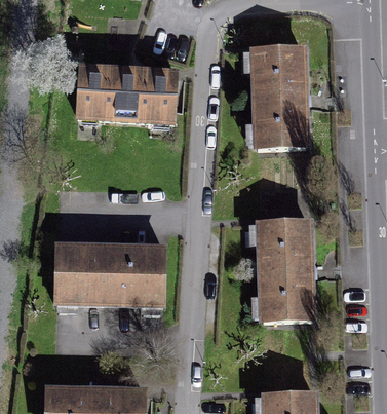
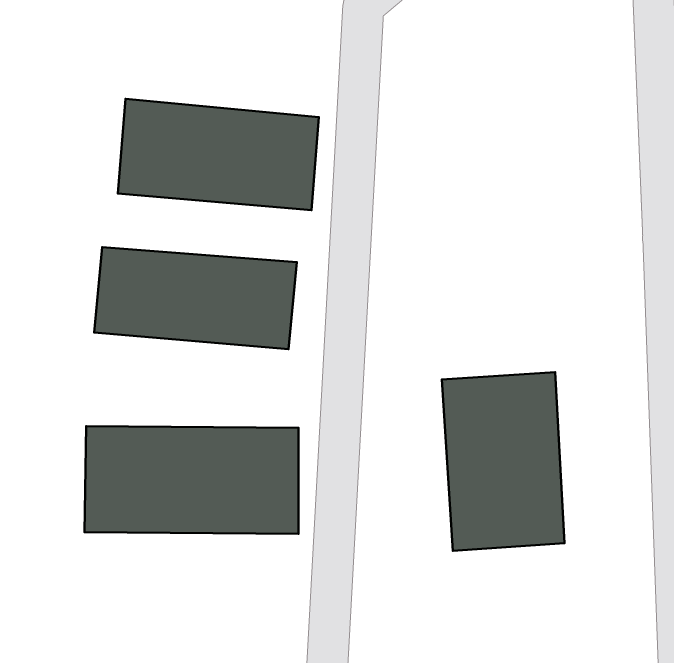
building: [245,44,312,146] -> none
building: none -> [94,247,297,349]

